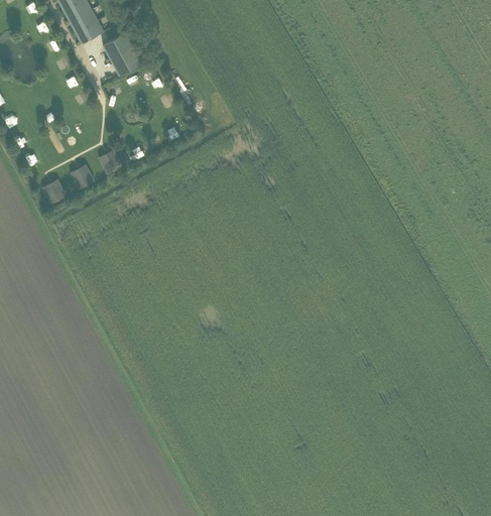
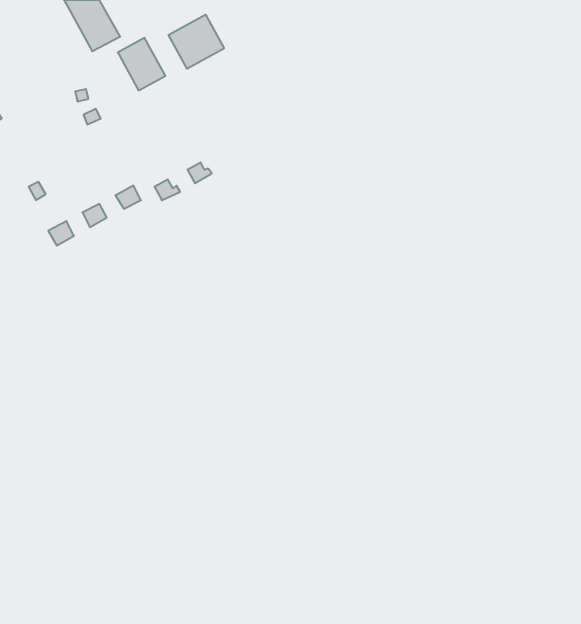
building: none -> [168,15,224,69]

